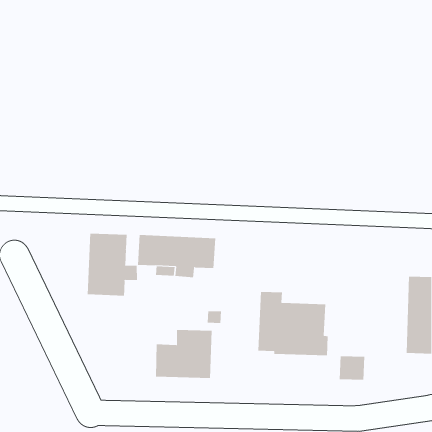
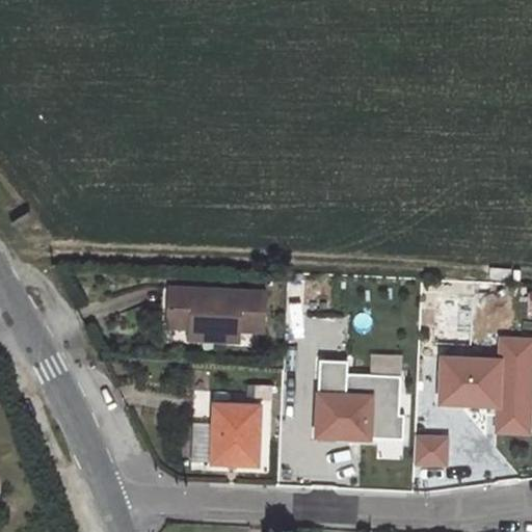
building: [87,233,138,296] -> none
building: none -> [441,358,500,405]

